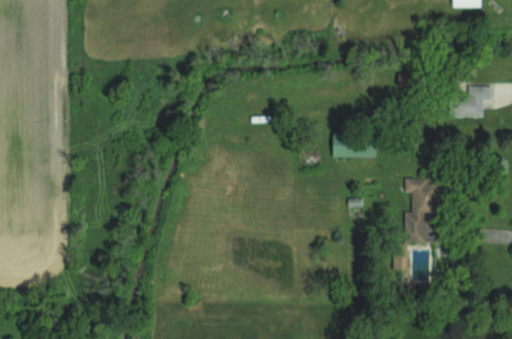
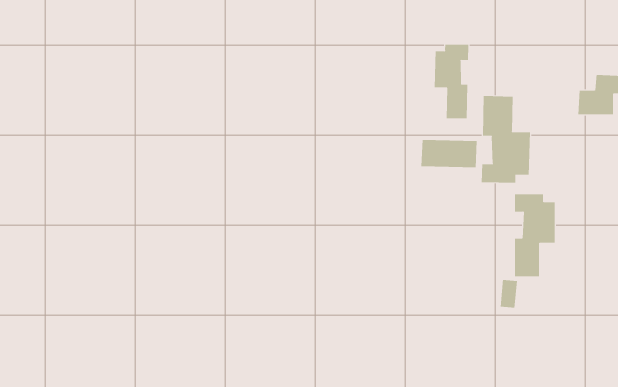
building: none -> [434,44,469,119]
building: none -> [481,95,530,184]

